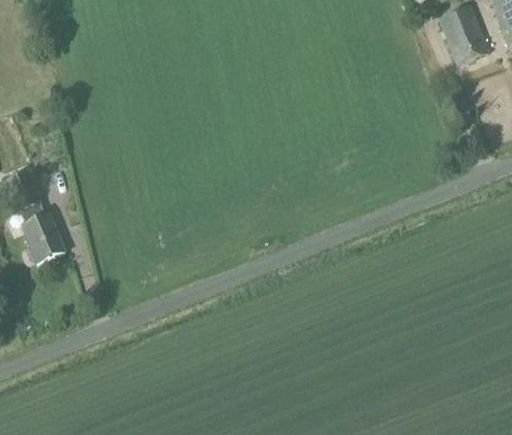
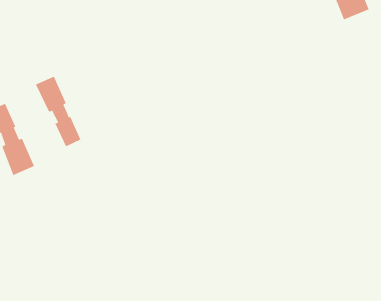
building: none -> [35,76,81,147]

